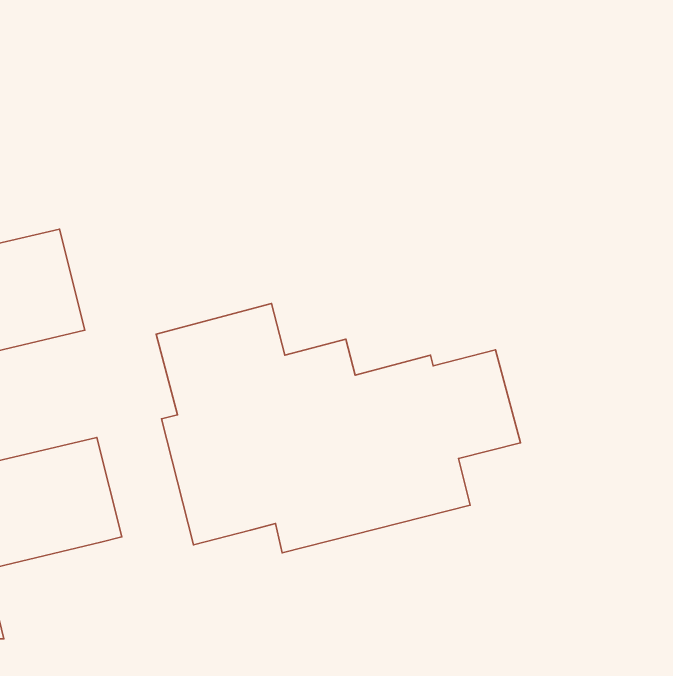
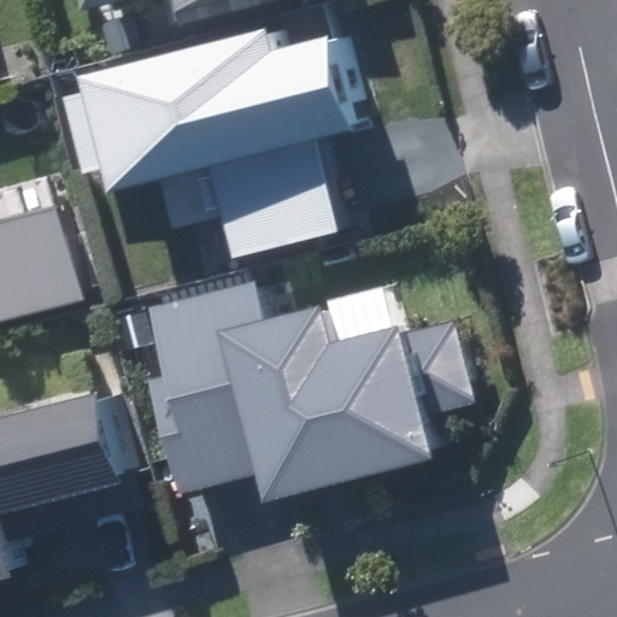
building: none -> [107,22,376,183]
building: none -> [229,148,357,252]

